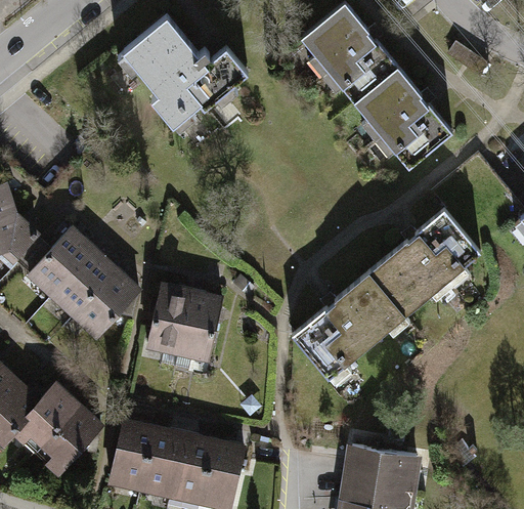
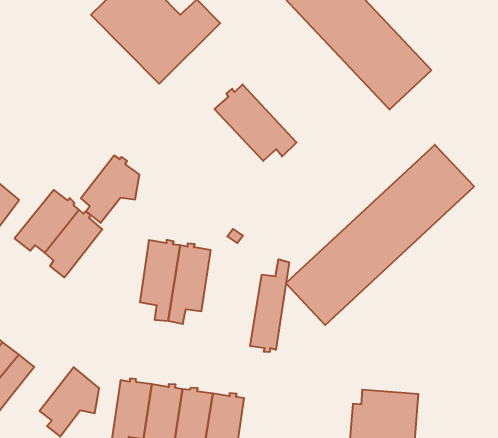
building: none -> [215,84,297,161]
building: [80,269,139,335] -> [81,155,139,223]
building: none -> [250,259,289,352]
building: [13,381,78,444] -> none

